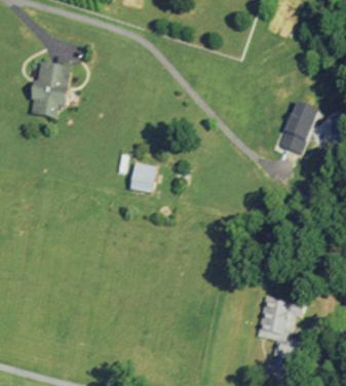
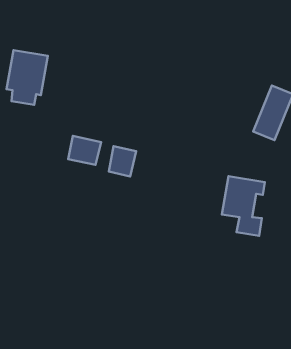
building: none -> [68,136,101,165]
building: [260,295,305,357] -> [222,176,265,236]

